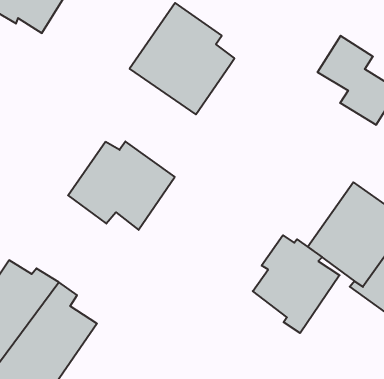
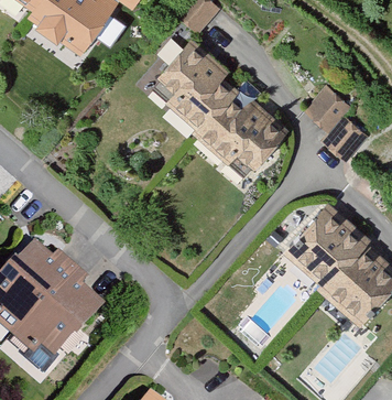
building: [68,141,175,230] -> [197,97,287,173]
building: [253,235,340,333] -> none

